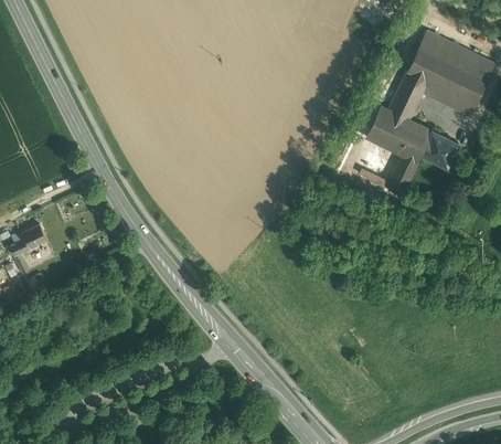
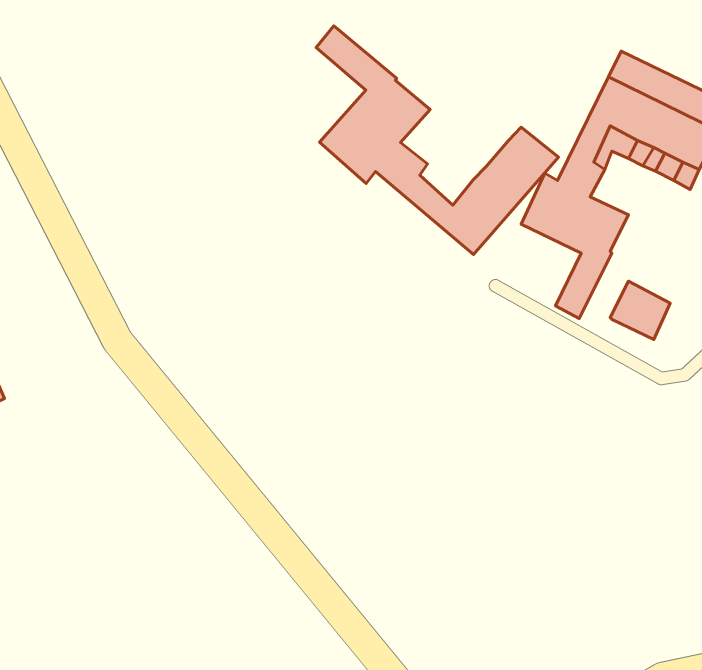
building: none -> [316,26,559,254]
building: [420,131,457,167] -> [610,281,670,339]

